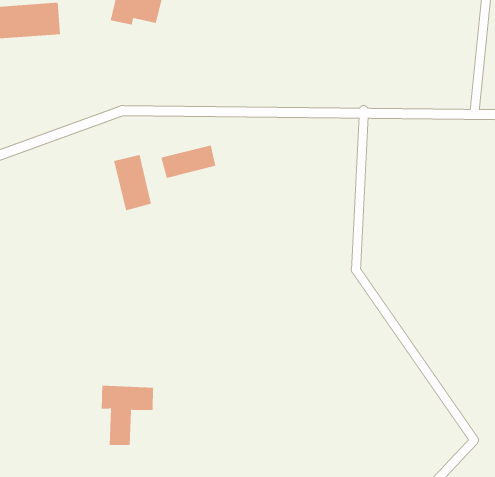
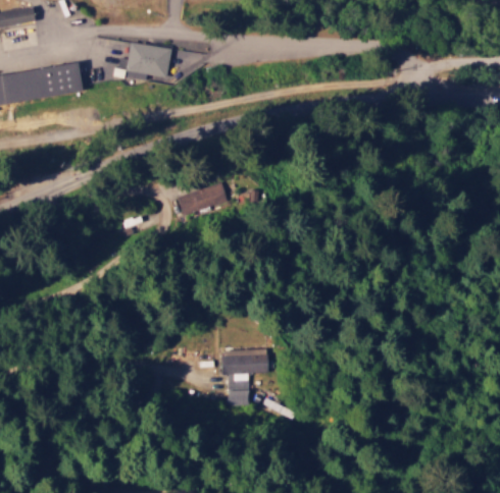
building: [113,154,152,211] -> none
building: [101,385,154,446] -> [220,351,268,405]

